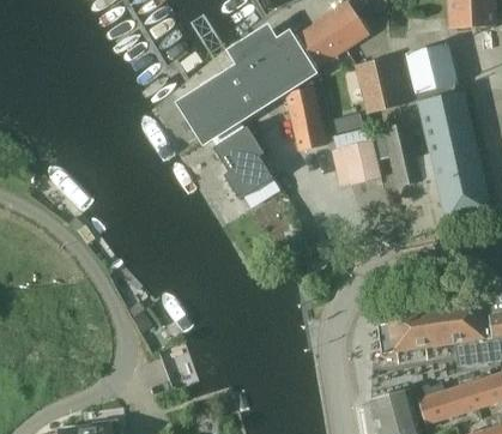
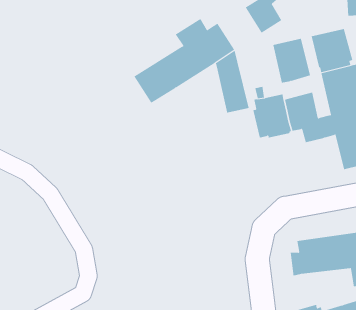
building: [295,18,341,67] -> none
building: [210,119,272,199] -> none

